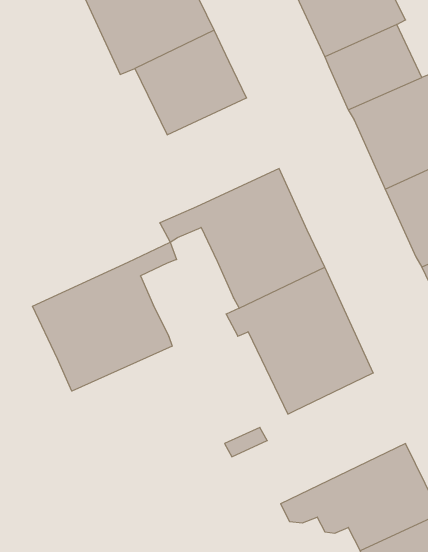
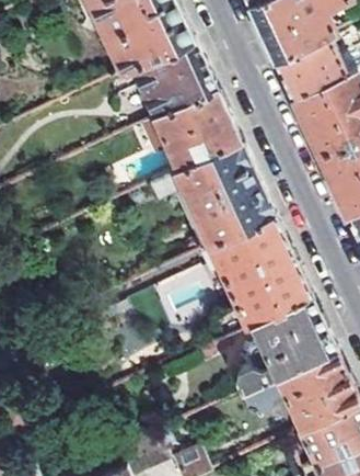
building: none -> [154,92,240,173]
building: [32,242,177,391] -> none
building: none -> [234,297,334,395]

